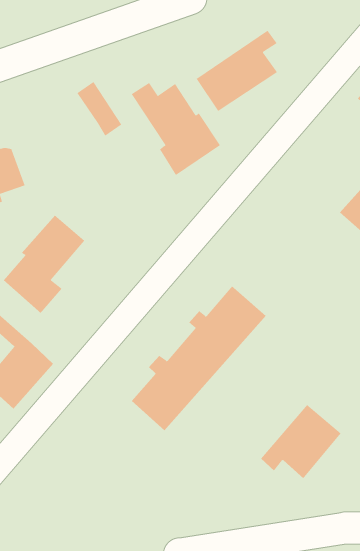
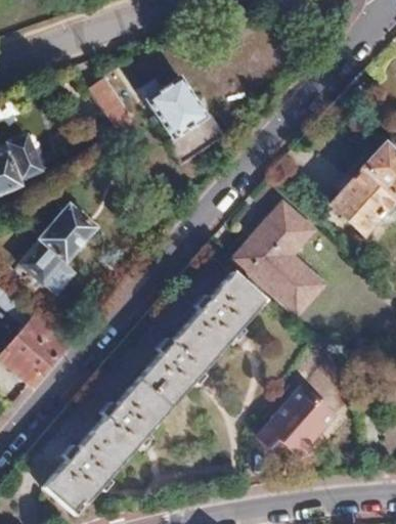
building: [196,30,278,112] -> none
building: none -> [236,203,321,310]
building: none -> [43,378,171,515]

